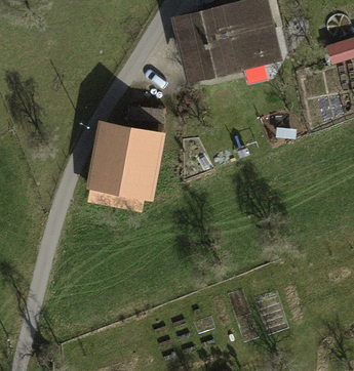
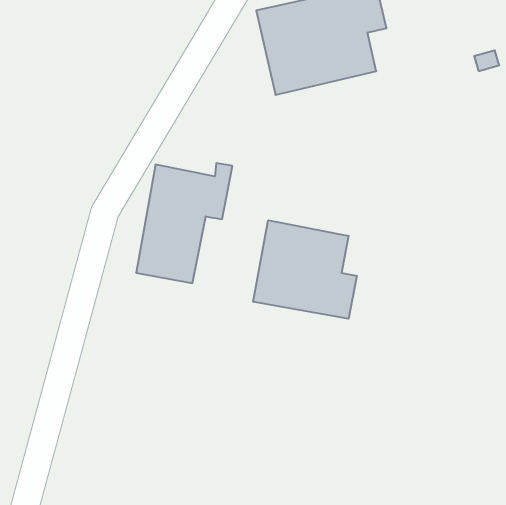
building: none -> [253,220,357,319]

